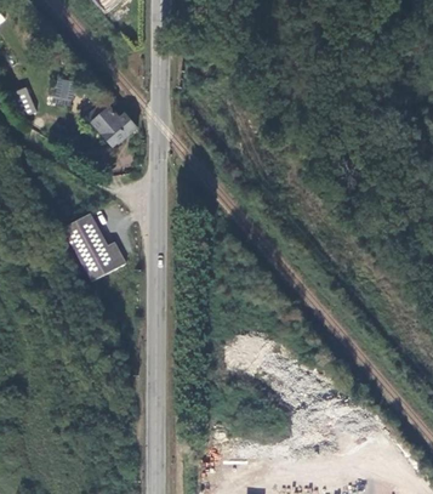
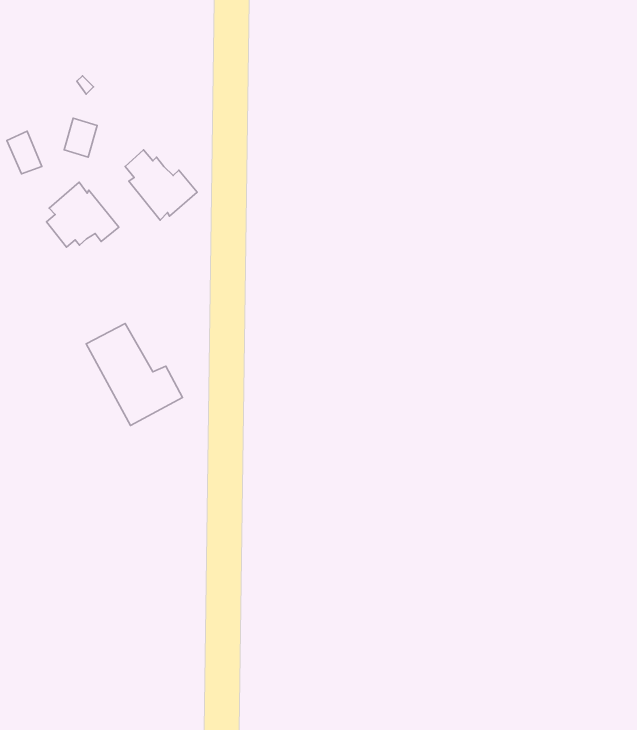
building: none -> [46,182,119,247]

